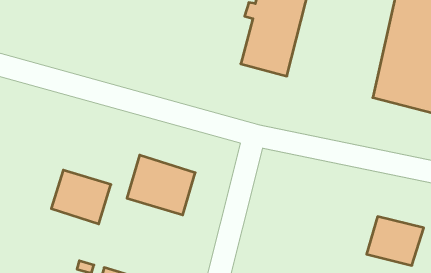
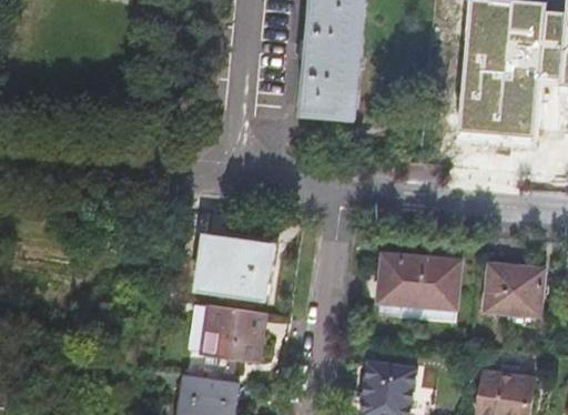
building: [51,170,111,224] -> [199,306,263,362]
building: none -> [376,255,457,308]

